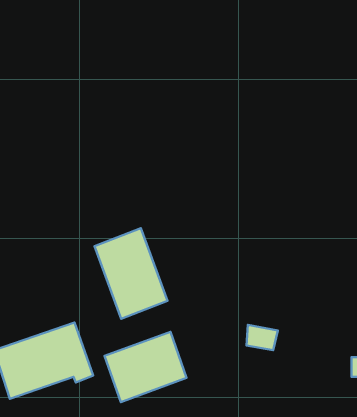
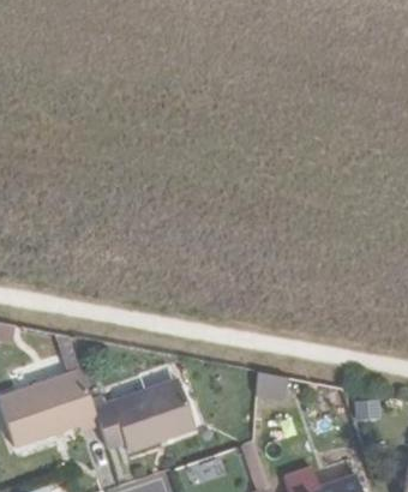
building: [95,228,168,319] -> none

